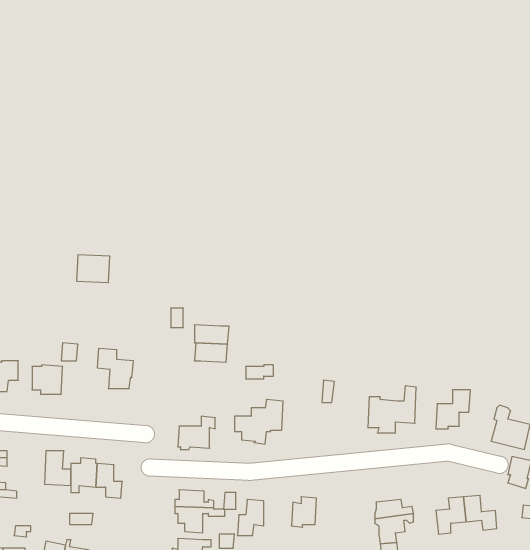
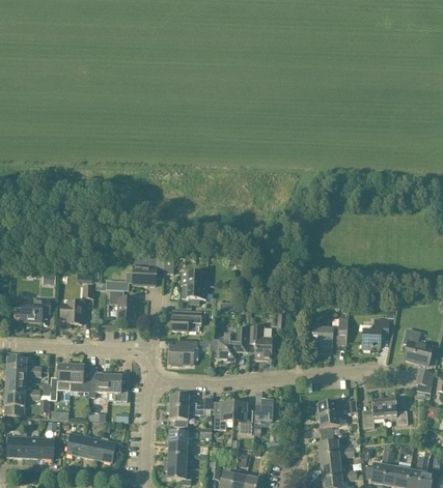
building: [77,255,110,283] -> [132,265,157,286]
building: none -> [170,310,201,332]
building: none -> [249,326,272,360]
building: none -> [50,365,71,400]
building: none -> [233,403,252,434]

